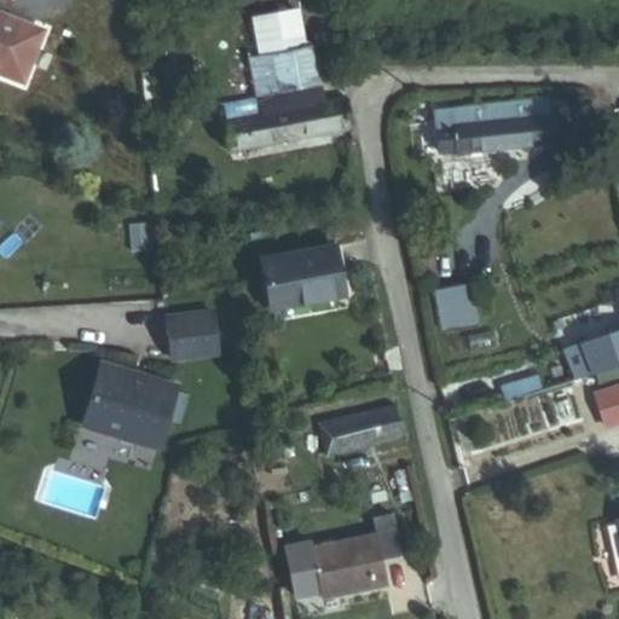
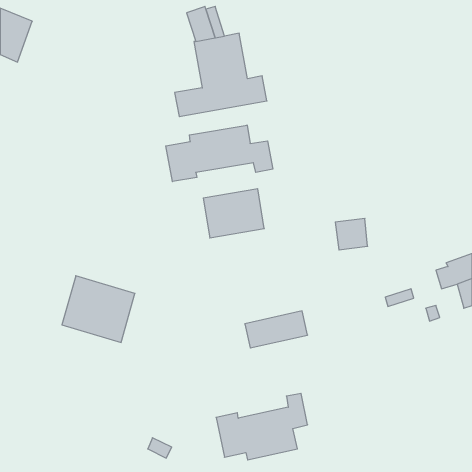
building: [435,100,556,158] -> none
building: none -> [166,125,273,182]
building: [164,308,218,359] -> none

